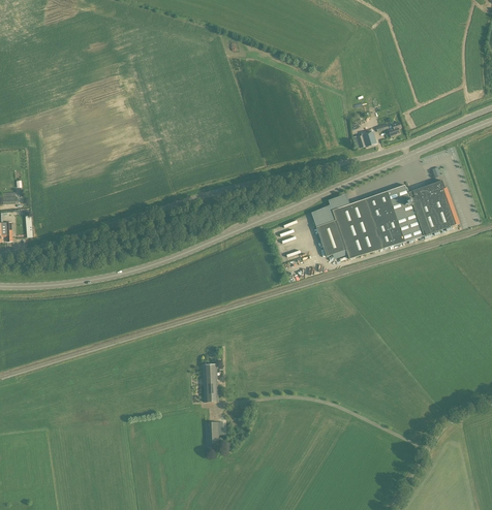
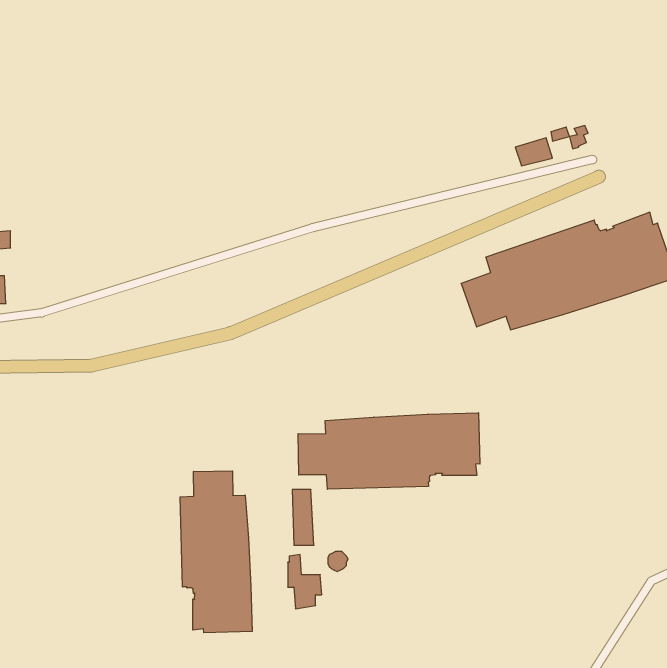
building: none -> [298,413,480,489]
building: none -> [180,471,252,633]

